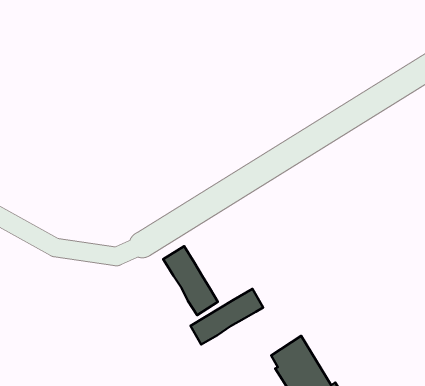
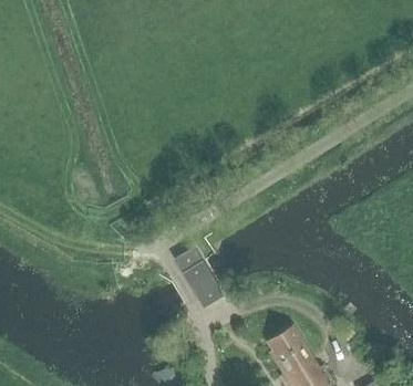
building: [191,289,263,344] -> none

